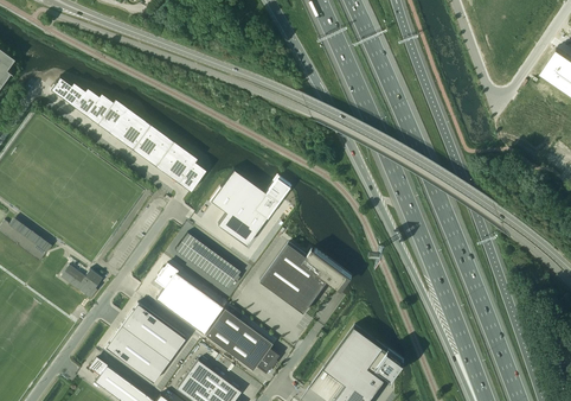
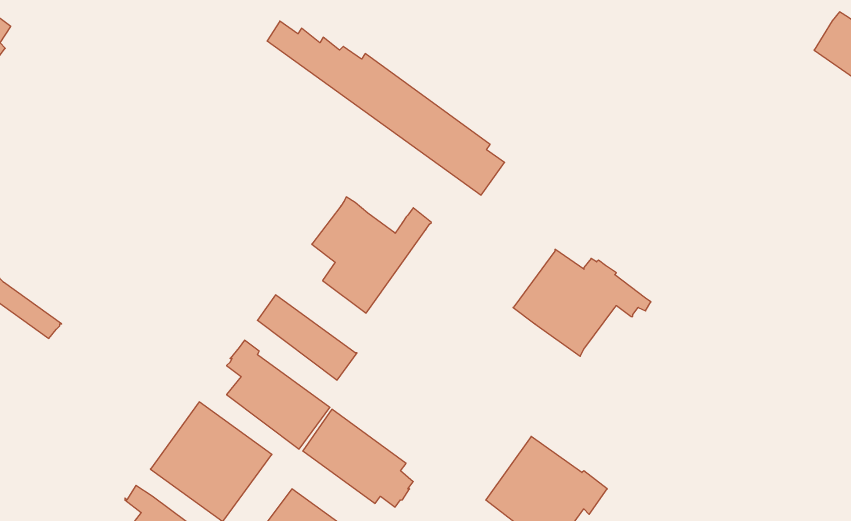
building: [51,77,206,191] -> [267,21,505,195]
building: [261,243,351,313] -> [513,249,651,356]
building: [60,266,102,299] -> none

